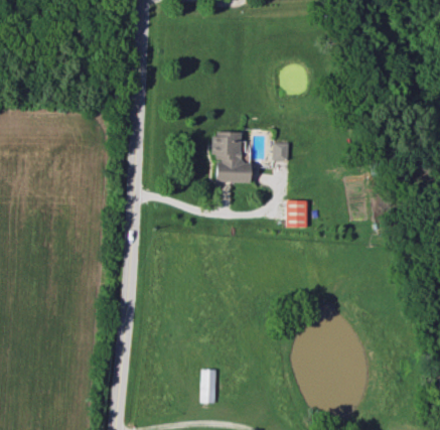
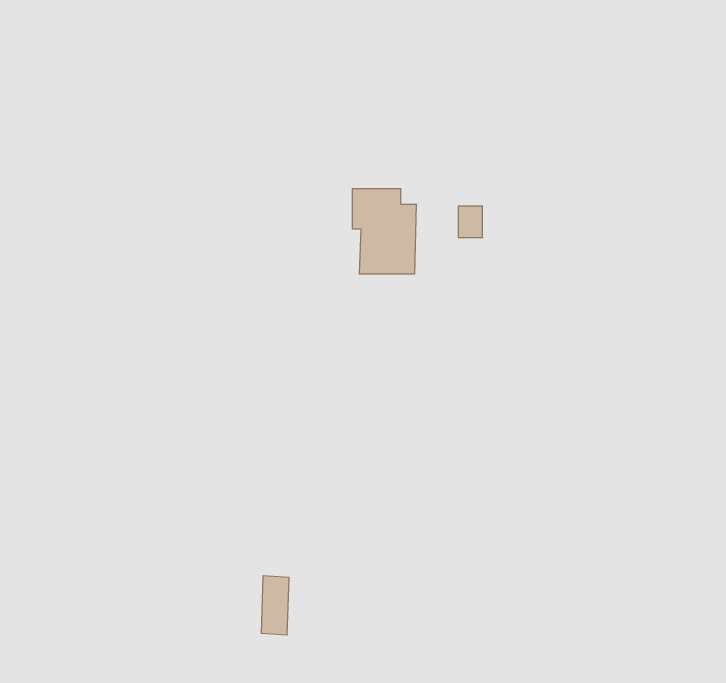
building: [286,200,306,227] -> none
building: [201,369,217,403] -> [261,576,289,635]

